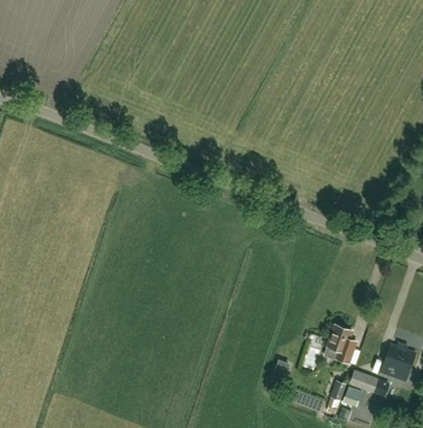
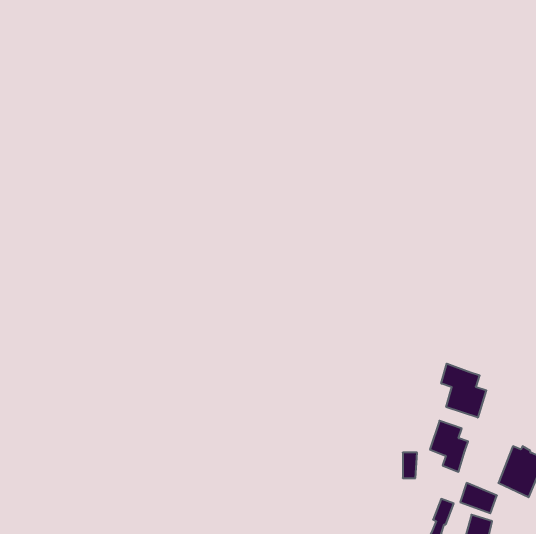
building: none -> [441,364,486,418]

